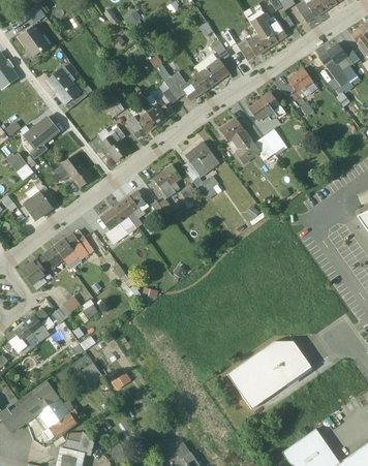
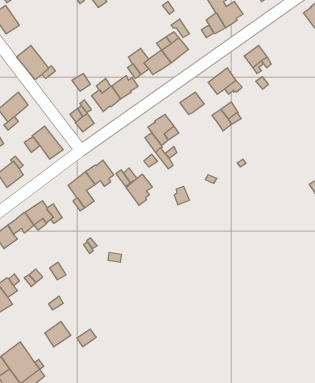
building: [318,42,357,91] -> none
building: [232,130,258,163] -> none
building: [153,164,181,197] -> [126,174,152,205]
building: [226,341,310,408] -> none

